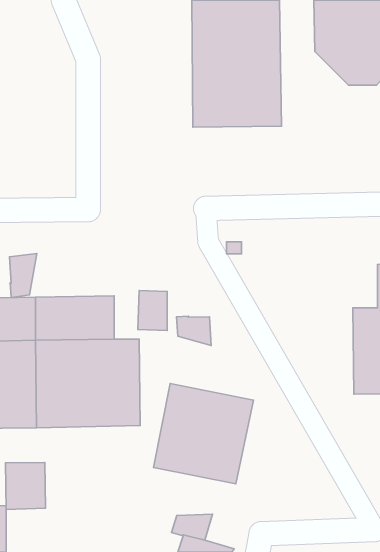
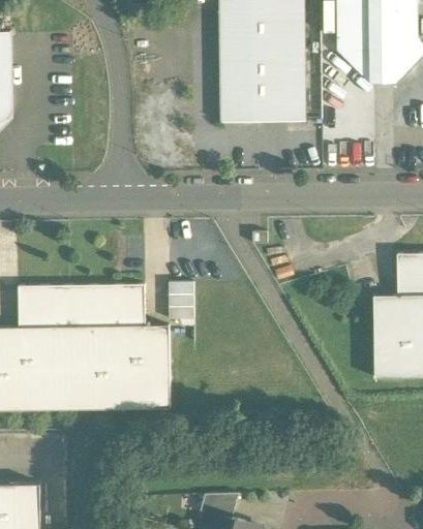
building: [10,254,37,298] -> none
building: [177,316,211,346] -> none
building: [154,384,253,484] -> none
building: [6,462,45,509] -> none

